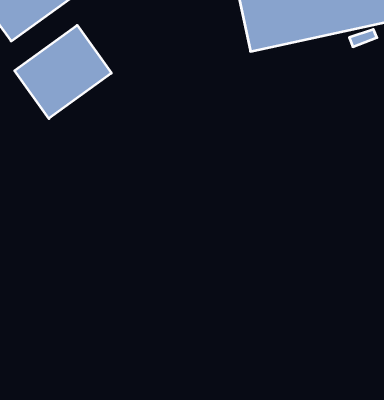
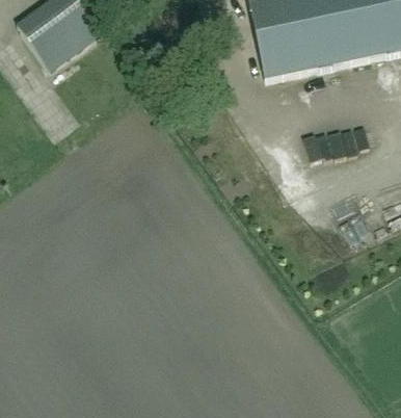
building: [15,25,111,119] -> none

